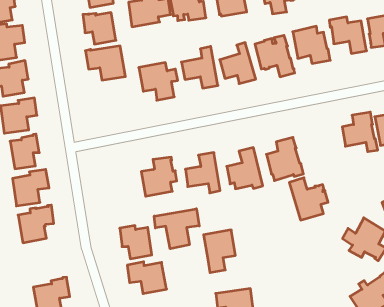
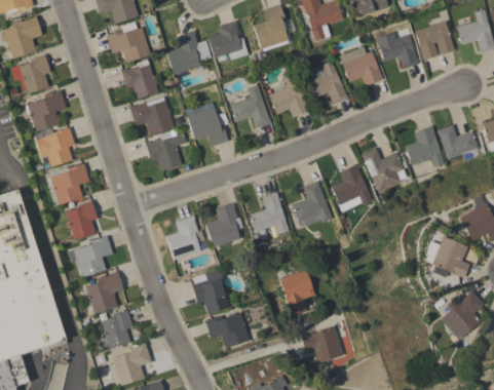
building: none -> [146,130,187,170]
building: none -> [165,215,205,260]
building: [289,178,328,220] -> [362,148,405,192]
building: [154,209,199,249] -> none
building: none -> [99,310,132,351]

